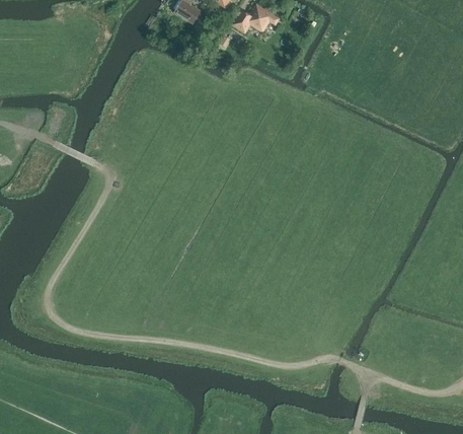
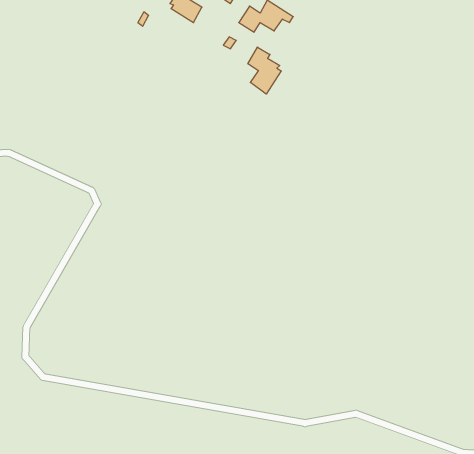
building: none -> [248,47,281,94]

